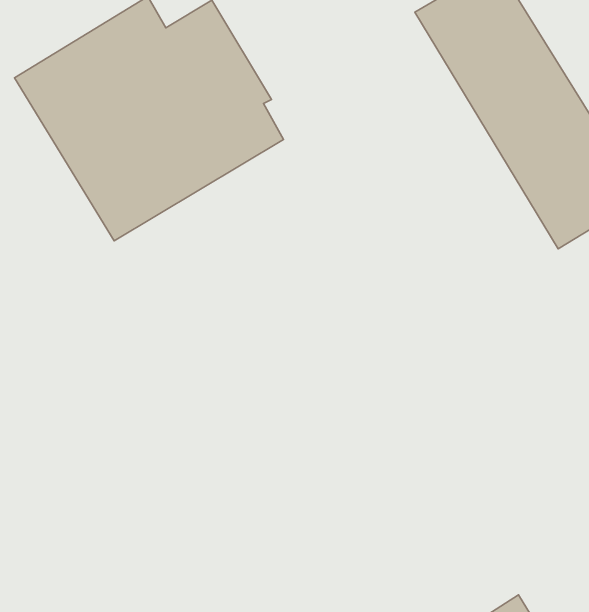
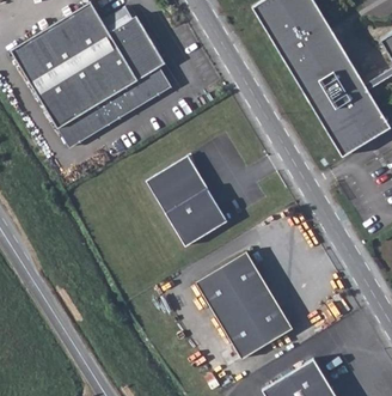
building: none -> [146,158,227,248]
building: none -> [196,252,293,360]

